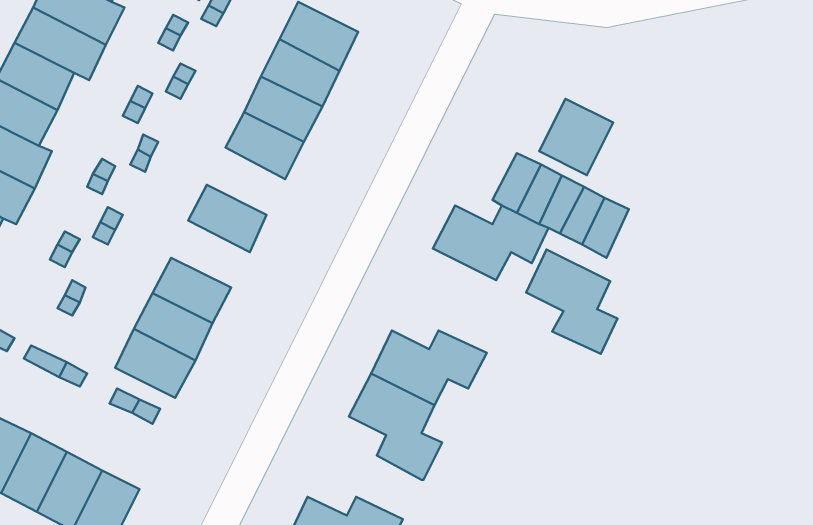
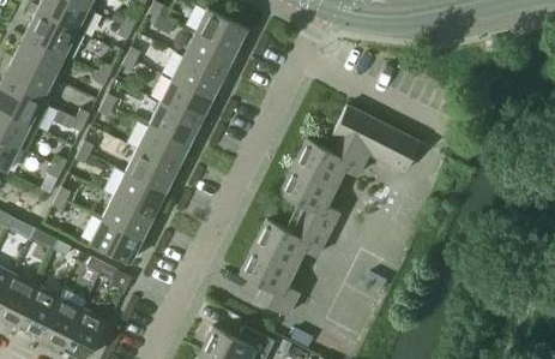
building: [539,99,613,175] -> none
building: none -> [149,103,199,146]
building: none -> [126,150,176,193]
building: [526,249,618,354] -> [280,168,339,235]

